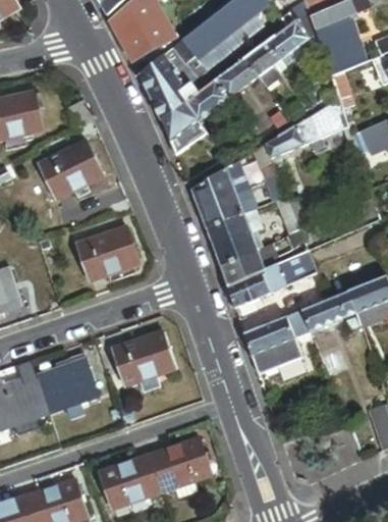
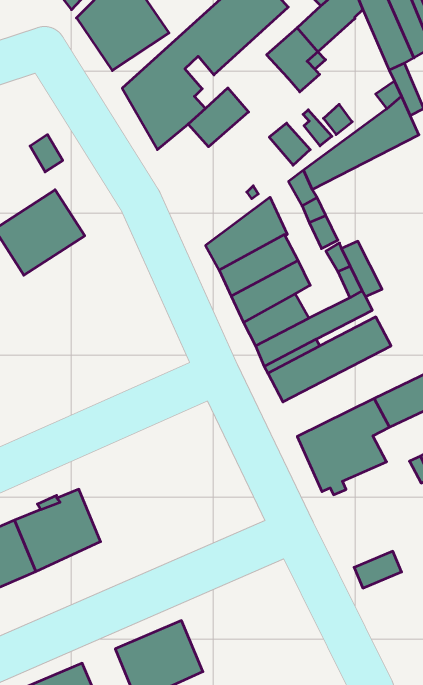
building: [215,57,258,97] -> none
building: [161,102,207,153] -> none
building: [76,227,138,281] -> none
building: [113,331,175,393] -> none
building: [150,439,212,500] -> none

